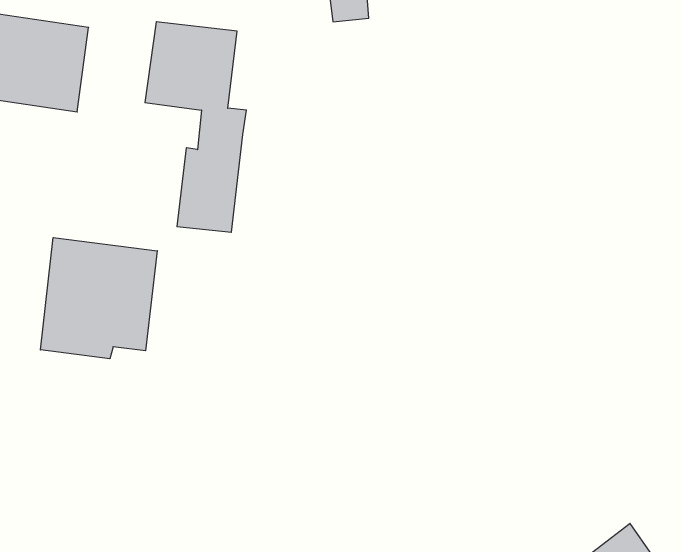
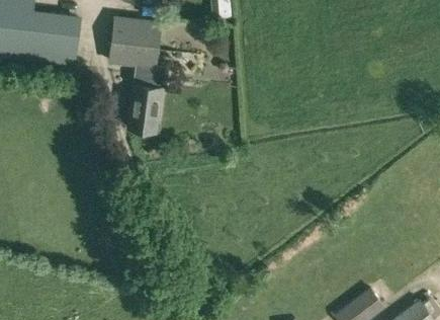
building: [40,238,157,359] -> none

